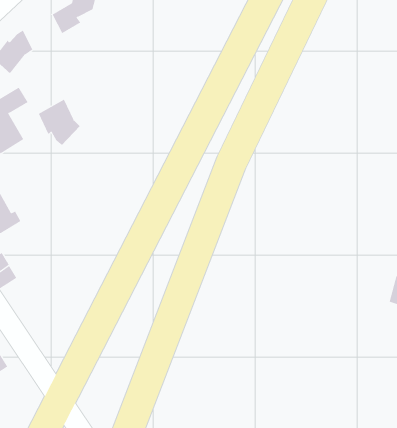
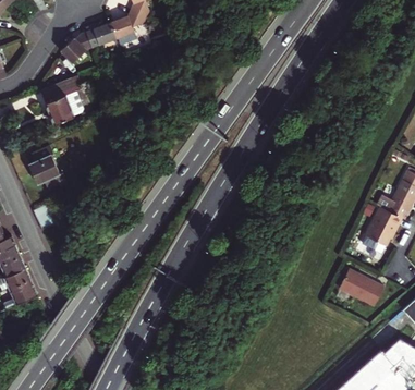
building: none -> [88,25,118,50]
building: [38,99,81,146] -> none

